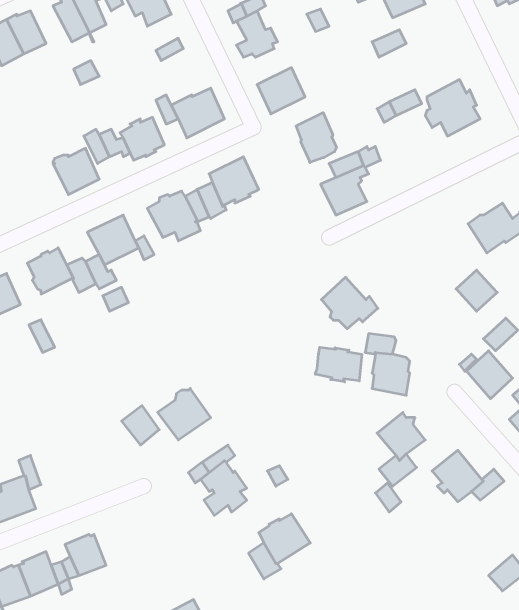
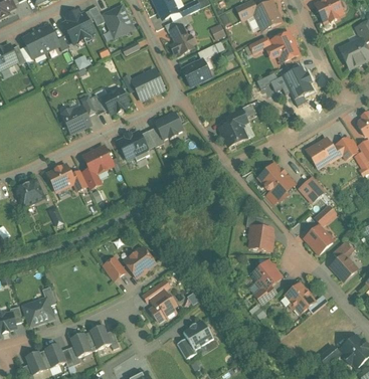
building: none -> [266,31,298,61]
building: [296,113,336,163] -> none
building: [321,277,378,329] -> [259,164,293,194]
building: [315,347,362,382] -> none
building: none -> [86,324,111,350]

